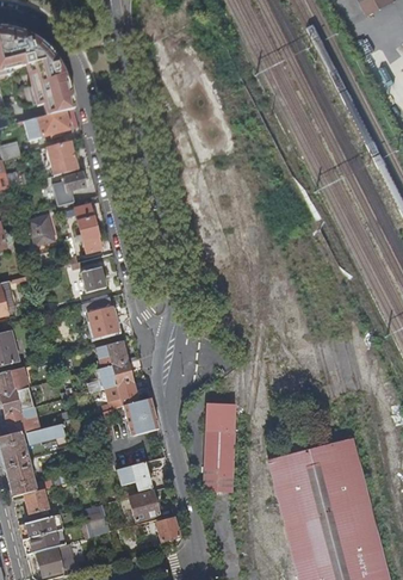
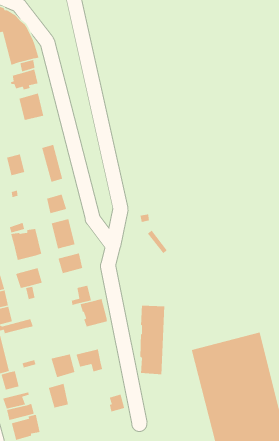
building: [52,172,86,205] -> none
building: none -> [10,228,42,261]
building: [99,360,134,388] -> [15,267,43,289]
building: [129,490,160,522] -> [51,353,75,378]

